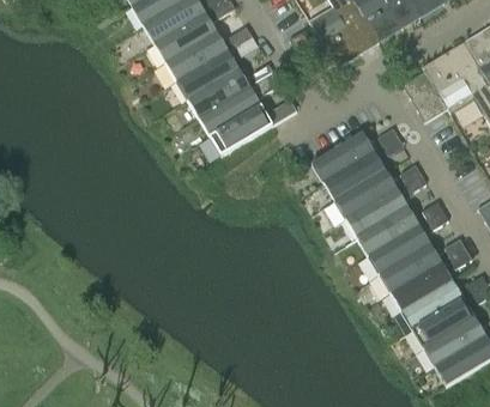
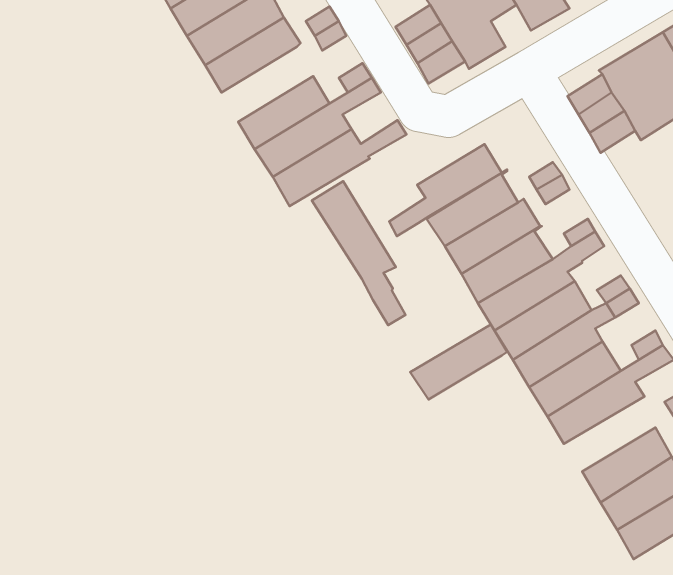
building: [176,50,236,99] -> none
building: none -> [389,144,502,236]
building: none -> [312,181,405,325]
building: [400,279,464,328] -> [410,324,507,399]

